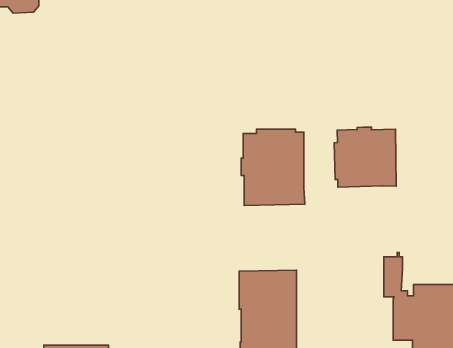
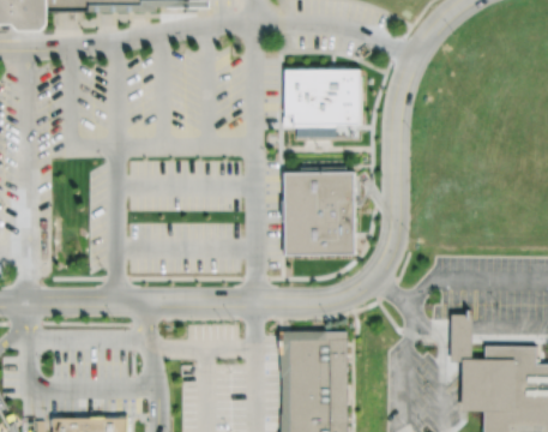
building: none -> [283,66,361,134]
building: [334,127,396,187] -> none

